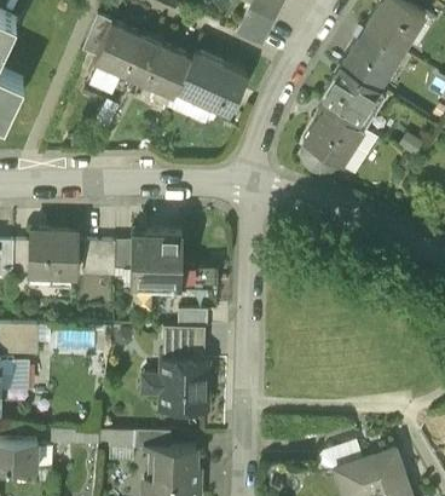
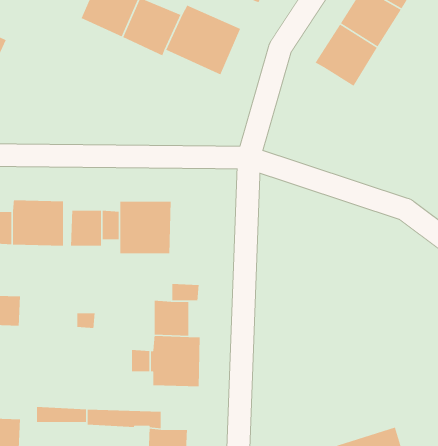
building: [302,106,362,175] -> none

